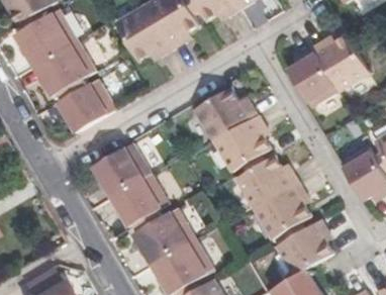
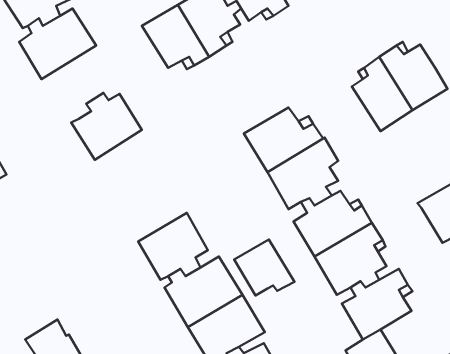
building: [34,38,98,98] -> none
building: [95,144,153,198] -> none
building: none -> [234,240,294,295]

